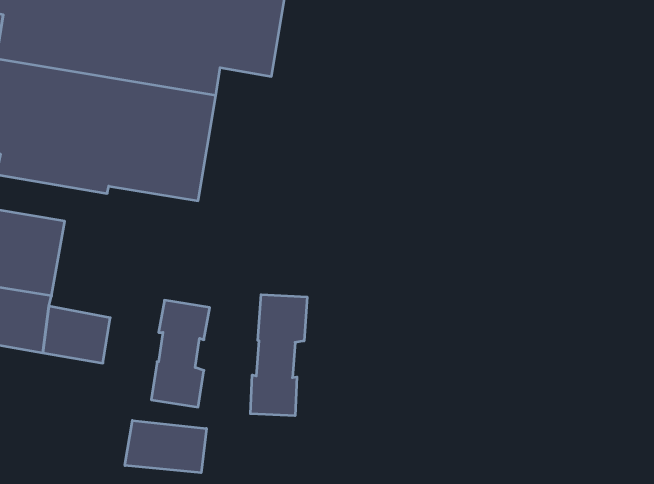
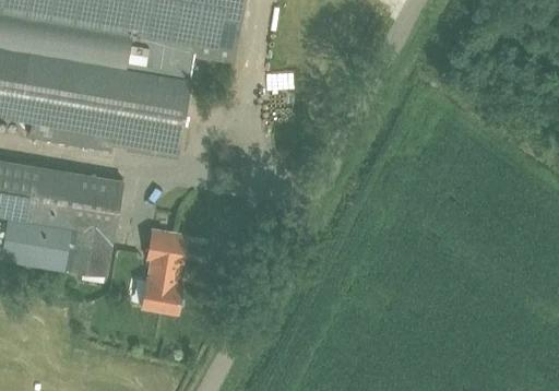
building: none -> [67,171,122,244]
building: [250,295,307,416] -> none
building: [125,420,206,473] -> none

